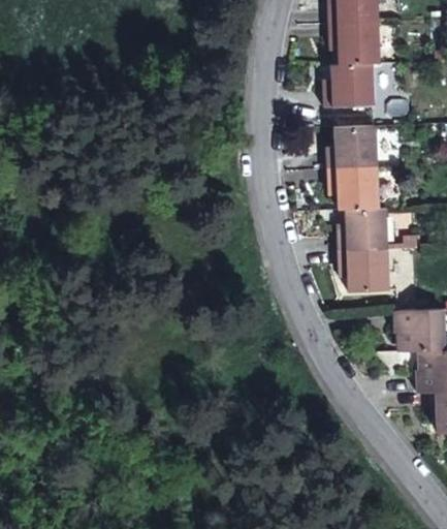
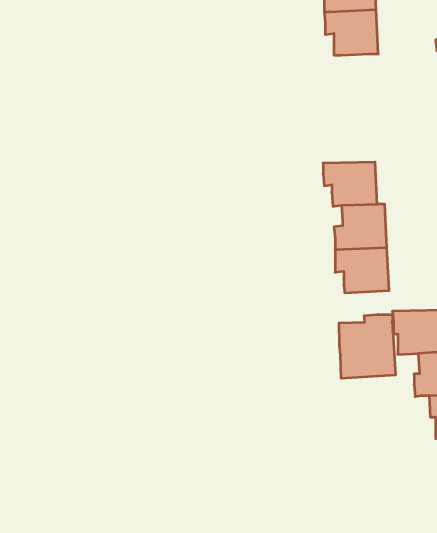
building: [324,64,374,107] -> none
building: [327,125,378,168] -> none
building: none -> [339,314,395,378]

